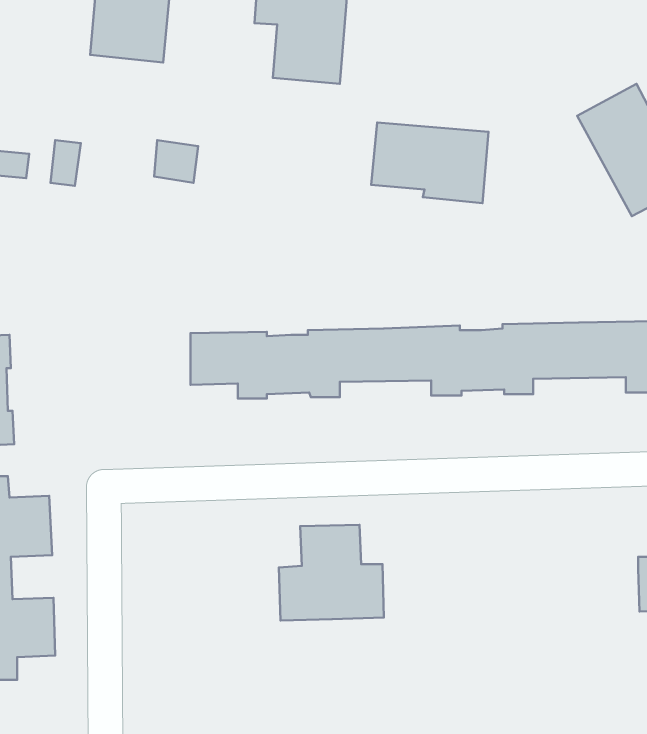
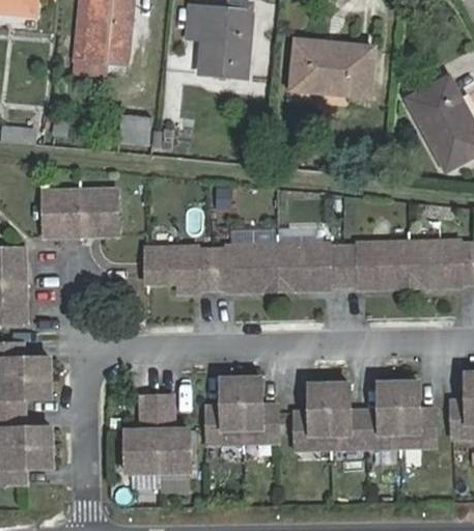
building: [371,123,488,203] -> [294,40,373,95]
building: none -> [41,189,117,236]
building: none -> [294,381,435,448]
building: none -> [124,395,189,472]

